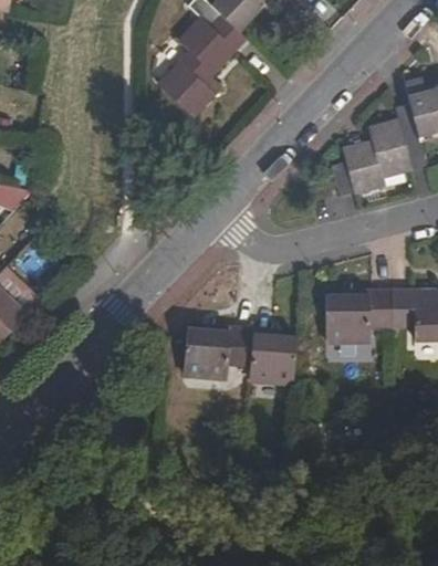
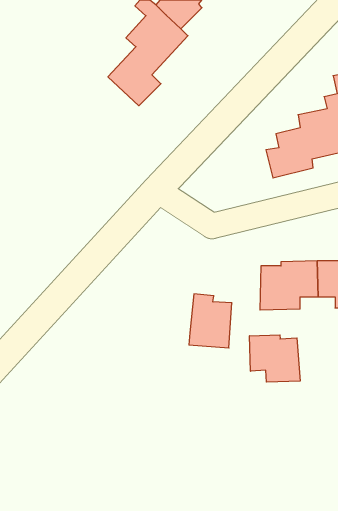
building: [184,323,254,379] -> none
building: none -> [250,335,300,382]

